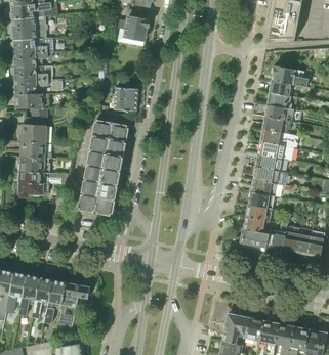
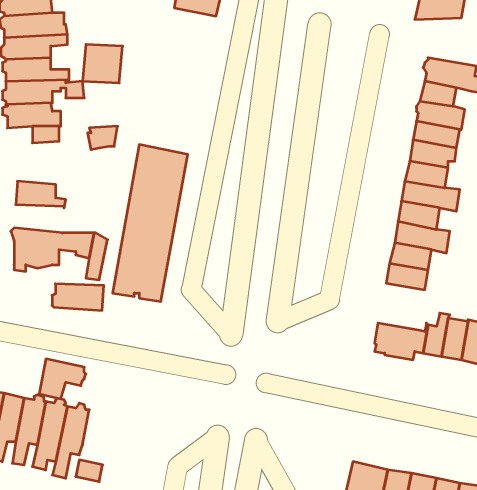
building: [113,87,137,110] -> [83,44,123,83]
building: [22,123,47,143] -> none
building: [18,156,50,172] -> [52,284,104,310]
building: [243,204,272,232] -> none
building: [61,281,90,306] -> [39,359,86,399]

